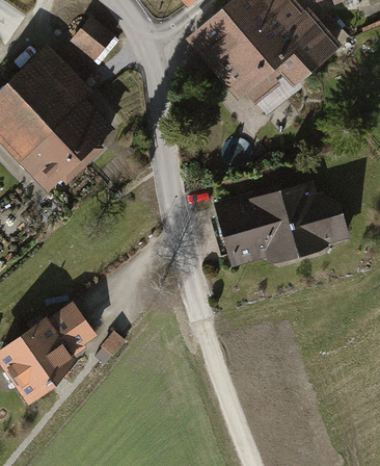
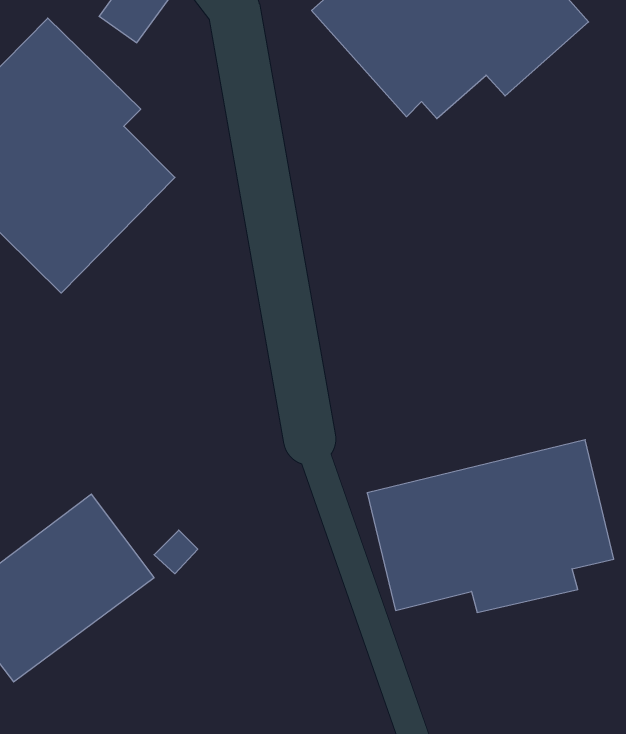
building: [213,176,348,270] -> [367,440,614,612]

